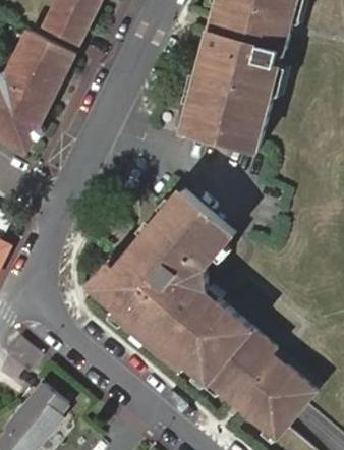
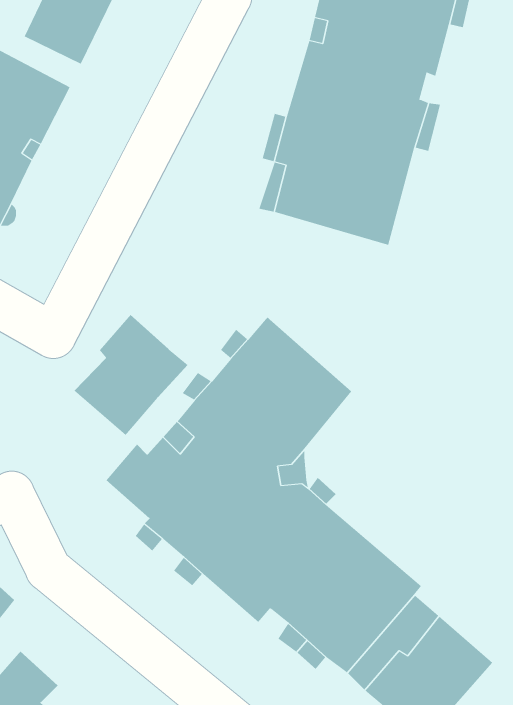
building: none -> [74,314,188,436]

